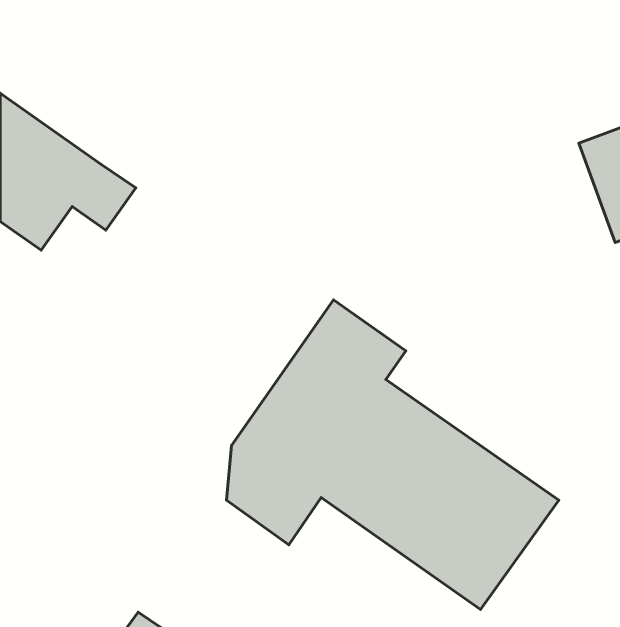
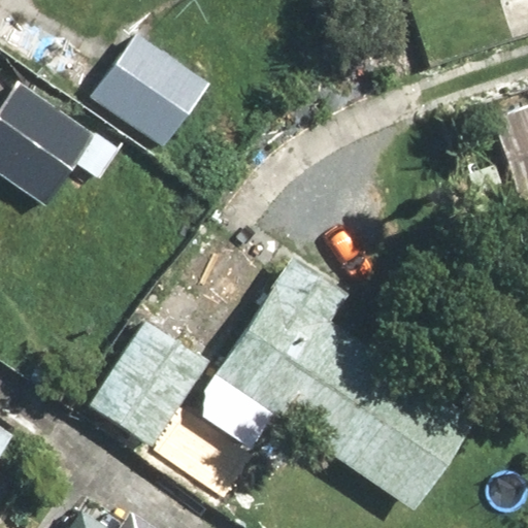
building: none -> [92,29,209,145]
building: none -> [93,310,214,440]

